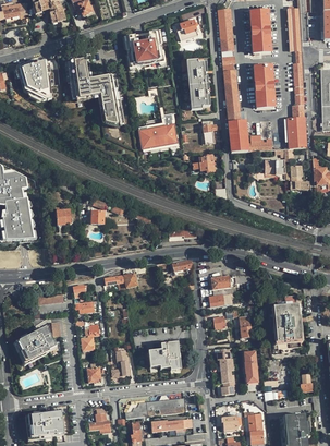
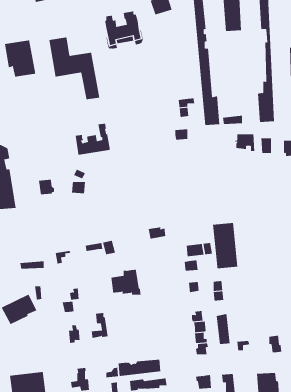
building: [186,61,208,107] -> none
building: [254,65,273,107] -> none
building: [138,114,176,149] -> [75,123,111,156]
building: [273,294,301,343] -> [212,222,238,269]
building: [148,342,181,370] -> [111,269,142,295]

